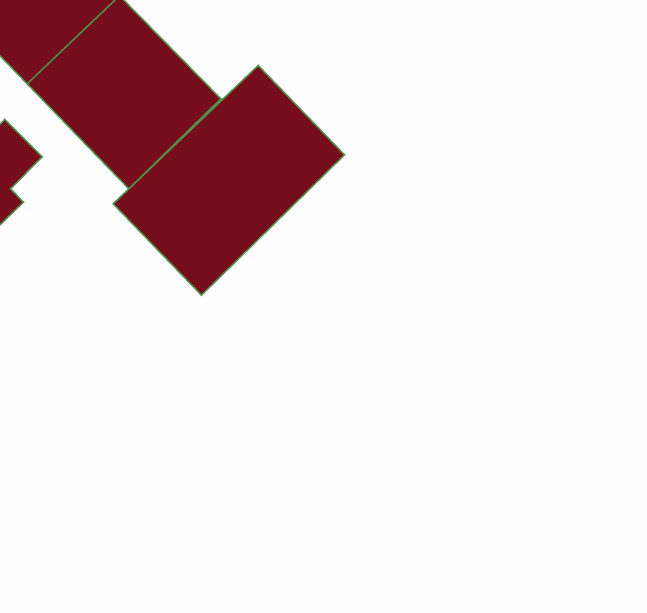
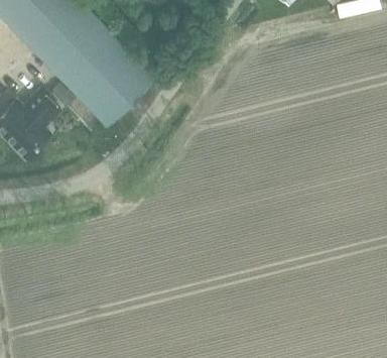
building: [113,65,345,295] -> none

